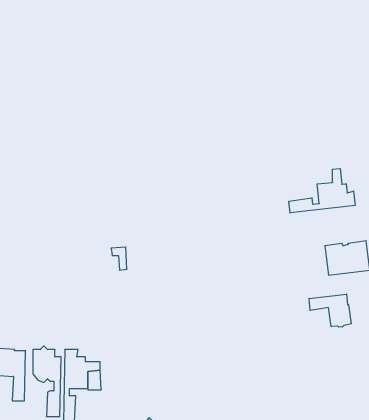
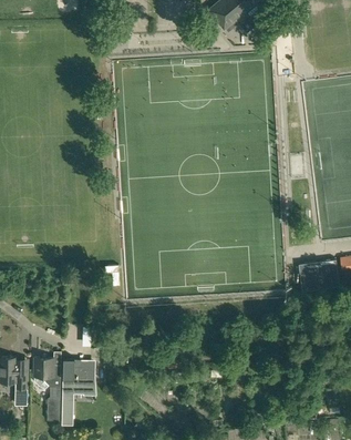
building: [289,169,355,213] -> none
building: [309,294,351,327] -> none

